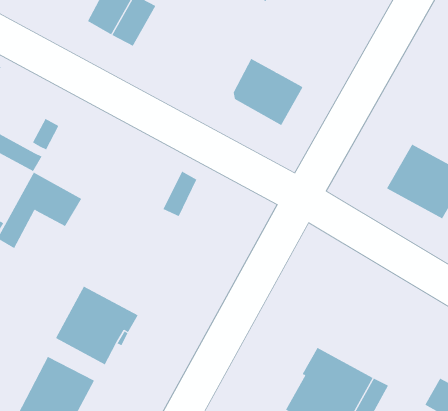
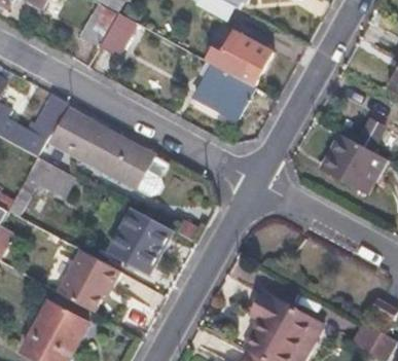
building: none -> [221,30,272,86]
building: none -> [51,109,153,187]
building: none -> [110,208,173,272]

